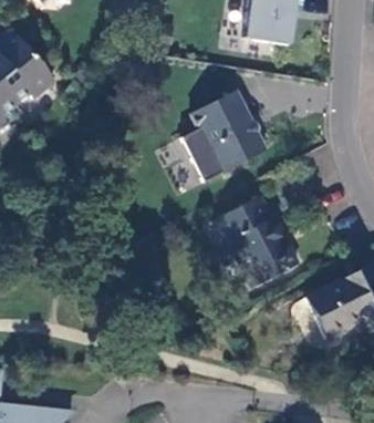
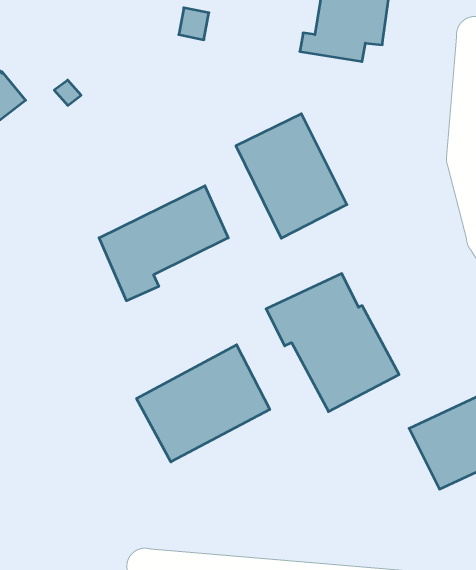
building: none -> [99,186,228,301]
building: none -> [137,345,270,462]

